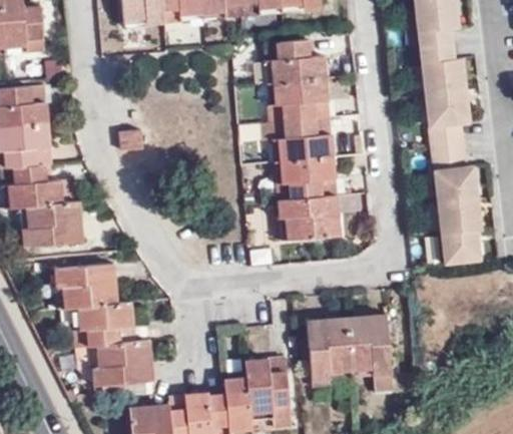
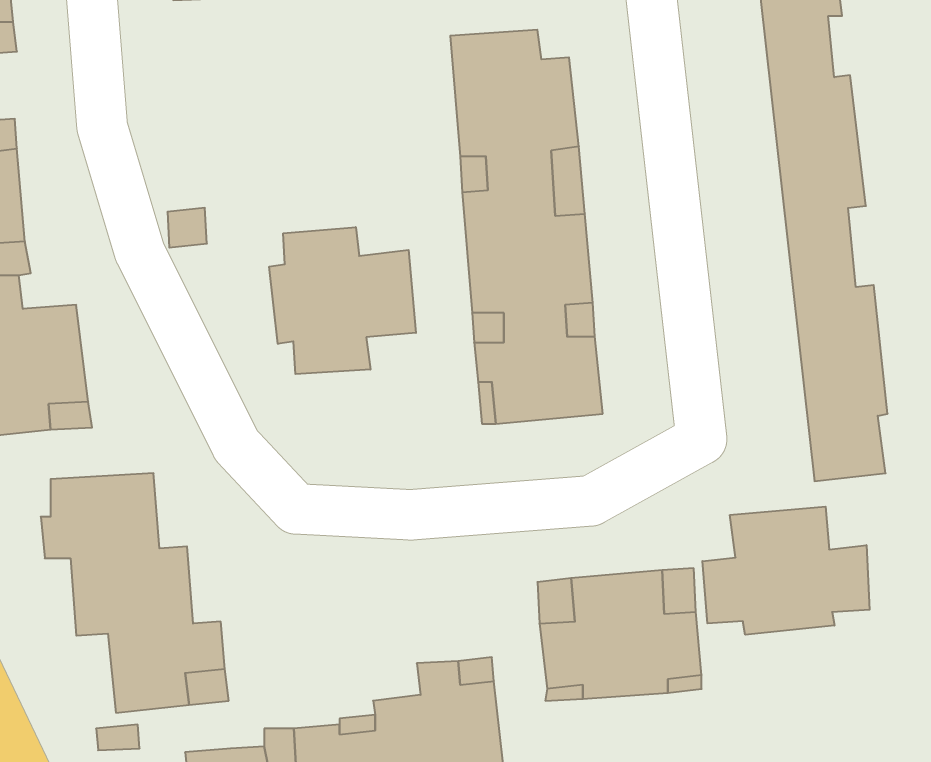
building: none -> [269,227,416,374]
building: none -> [702,507,870,635]

